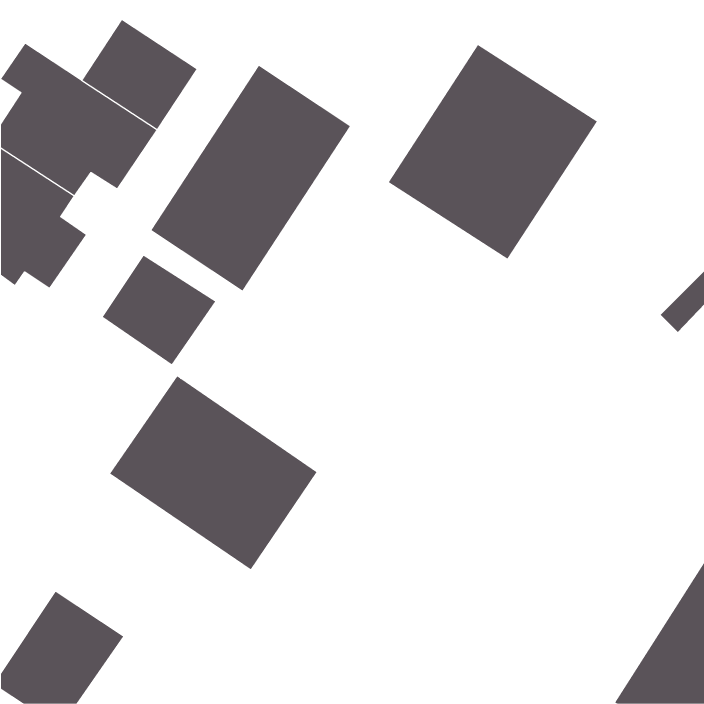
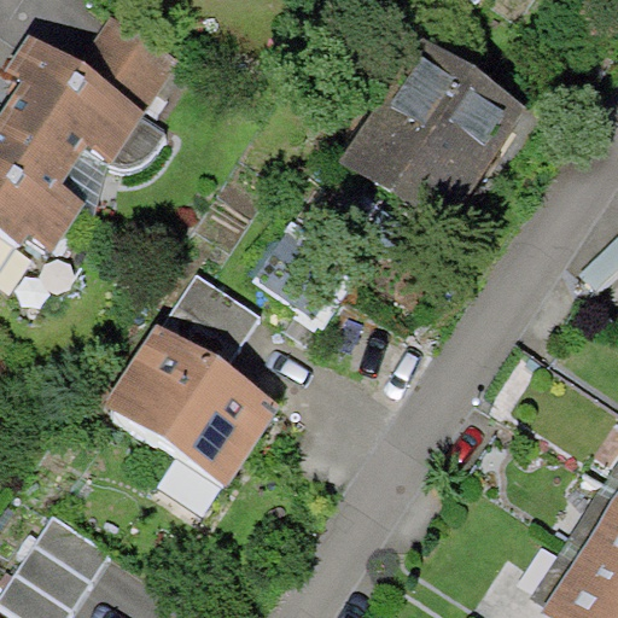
building: [150,65,351,292] -> none
building: [102,255,216,365] -> [159,276,260,373]

